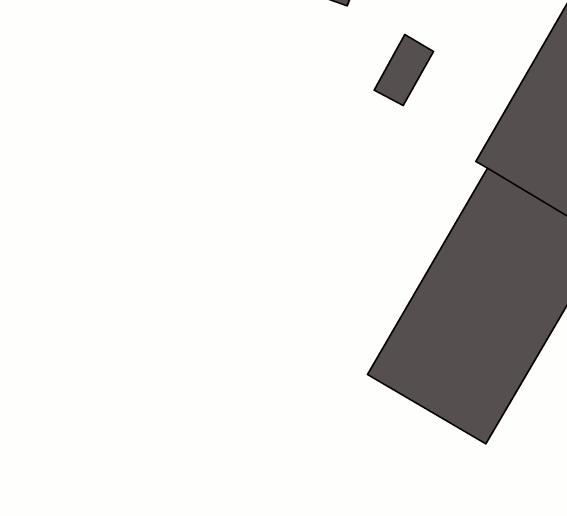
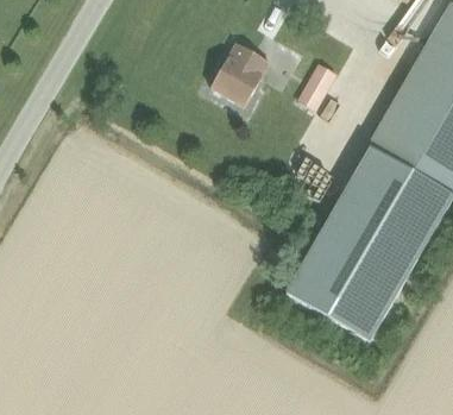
building: none -> [209,42,269,105]

